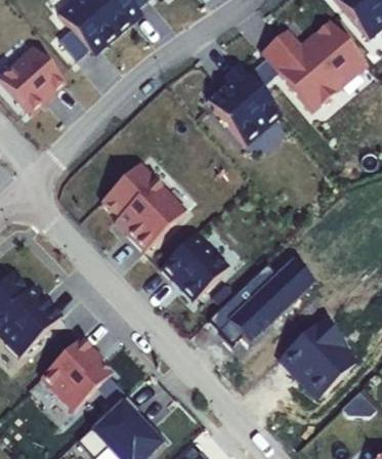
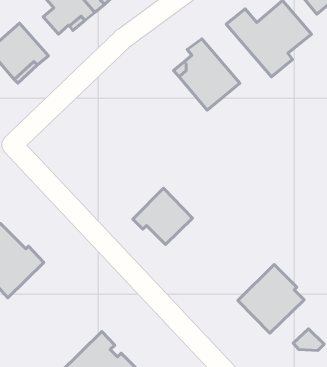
building: [101,164,185,251] -> none
building: [207,248,314,345] -> none
building: [40,338,111,411] -> none

